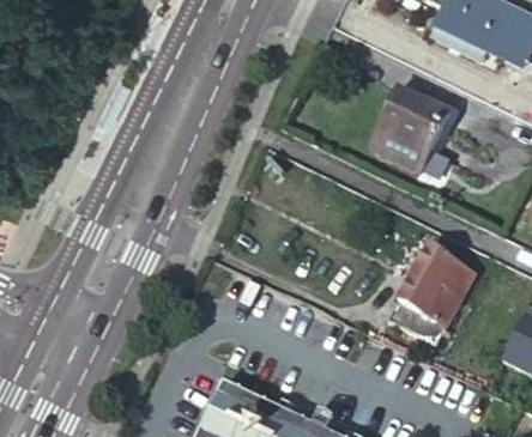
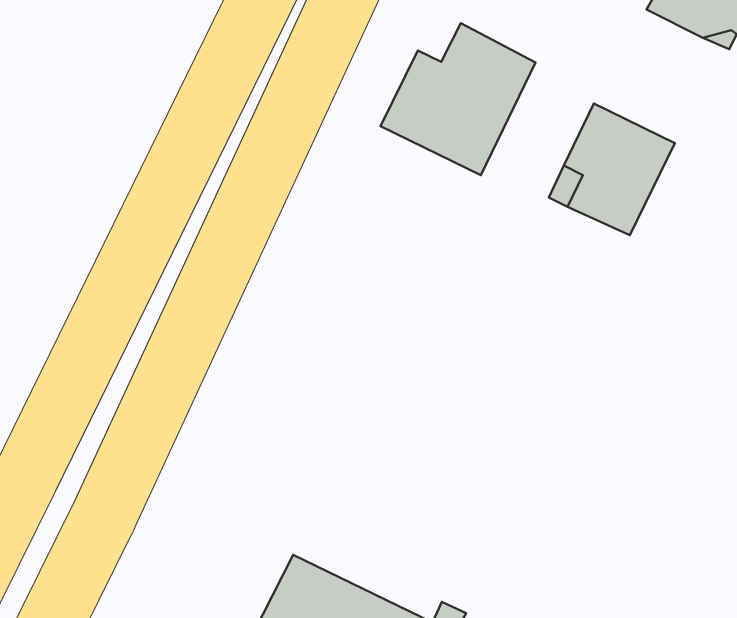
building: none -> [381,23,536,175]
building: [389,247,477,346] -> none

